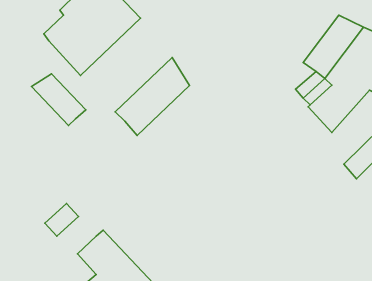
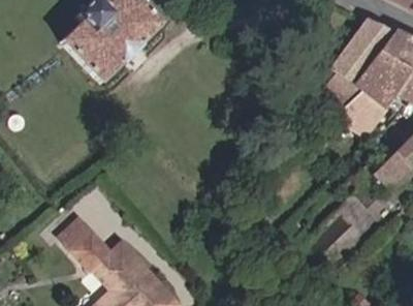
building: [115,58,190,135] -> none
building: [31,74,86,126] -> none
building: none -> [73,231,115,272]

